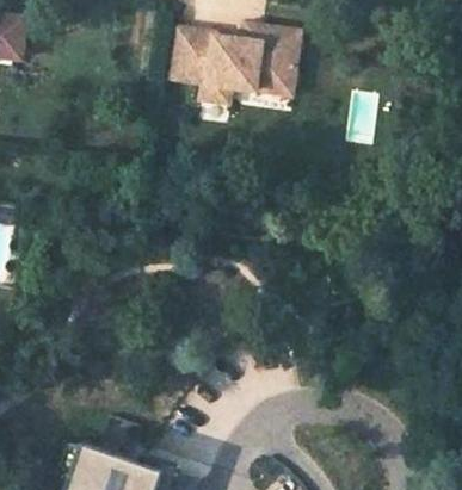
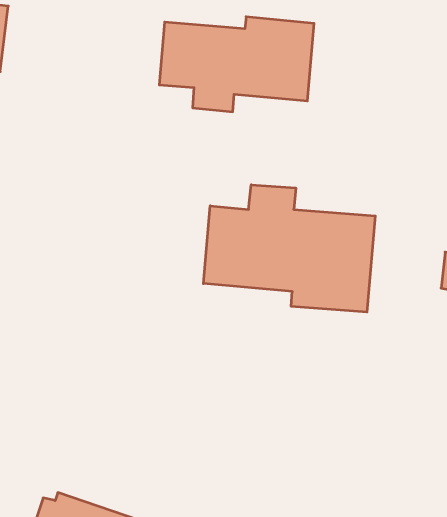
building: none -> [203,185,375,312]

